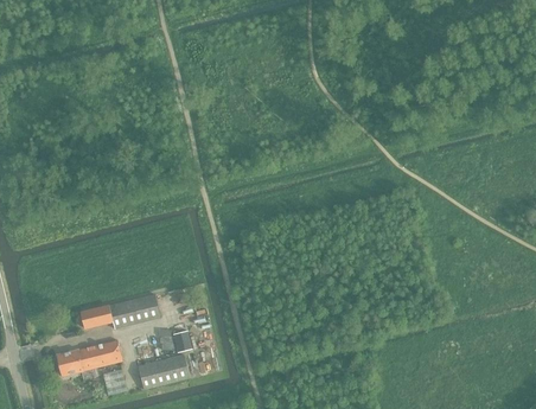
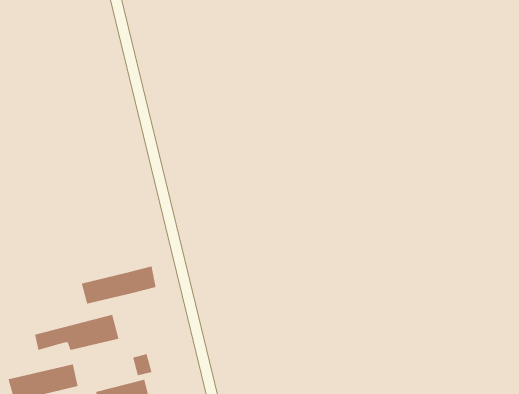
building: none -> [81,265,157,305]

